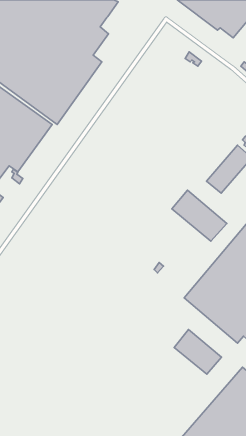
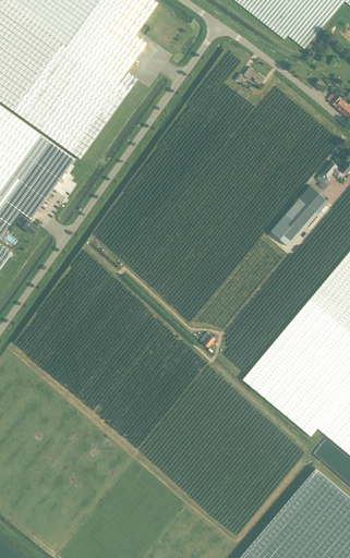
building: [172,190,227,241] -> none
building: [174,330,221,374] -> none

